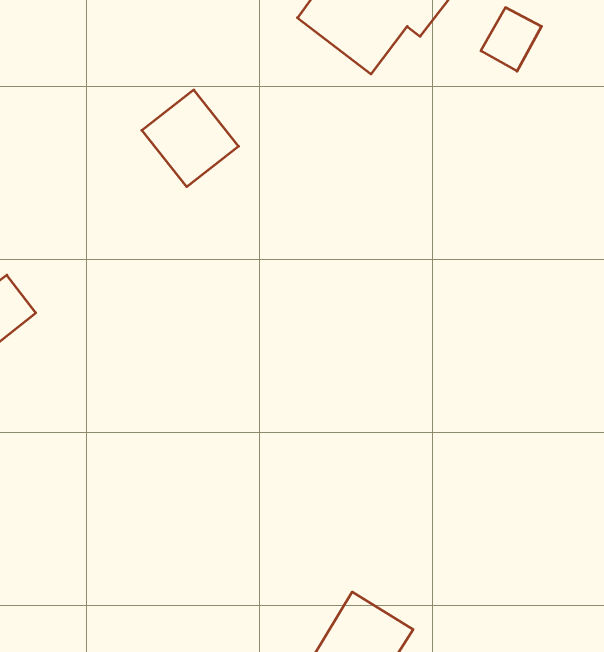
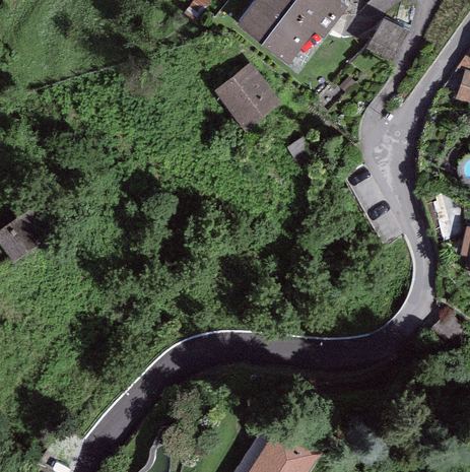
building: [142,90,239,187] -> [213,62,281,130]

